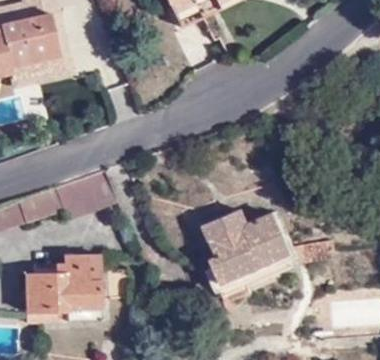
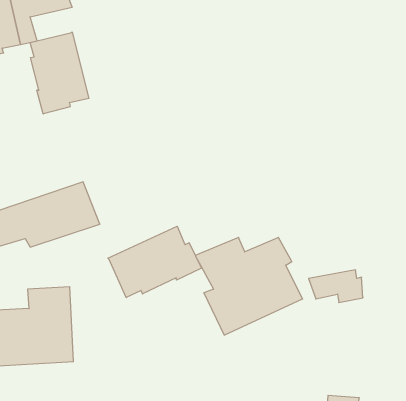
building: none -> [30,32,89,114]
building: none -> [108,226,201,298]

